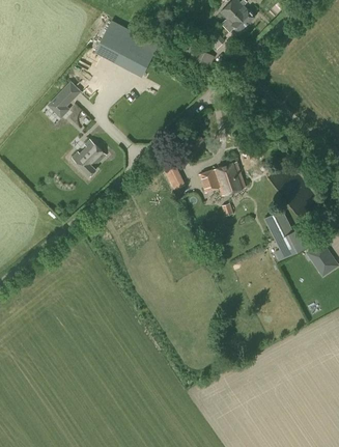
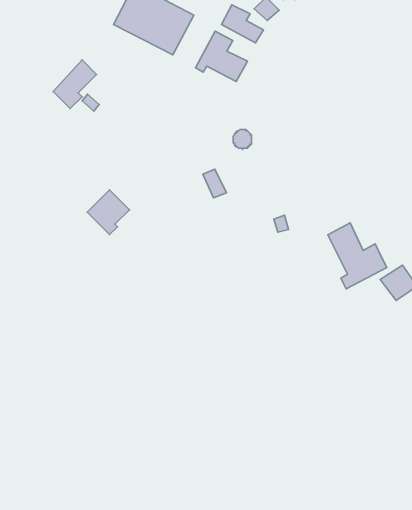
building: none -> [195,31,247,81]
building: [73,140,106,175] -> [87,190,129,235]
building: [199,162,245,196] -> none

